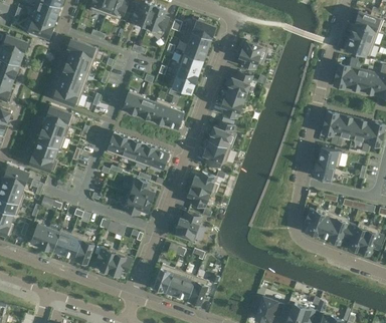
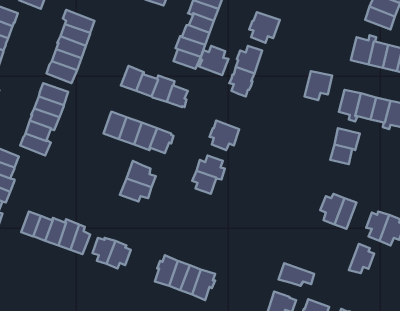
building: none -> [304,71,332,100]
building: [208,121,235,148] -> [199,46,229,75]
building: [174,213,199,241] -> none
building: [328,216,351,243] -> [349,244,374,273]
building: none -> [279,263,314,286]

